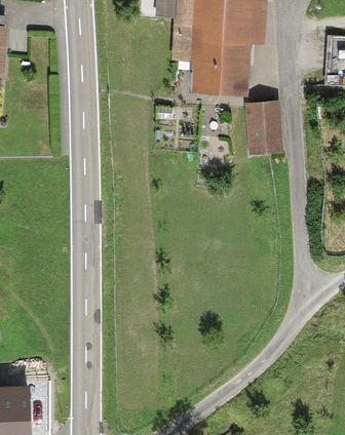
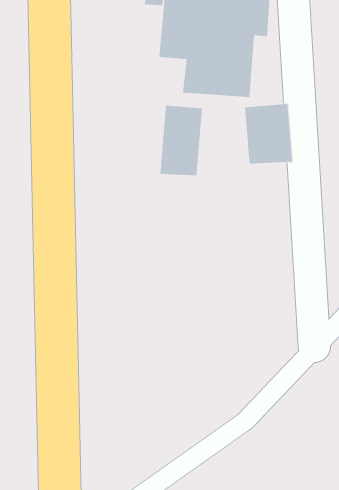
building: none -> [160,105,202,176]

